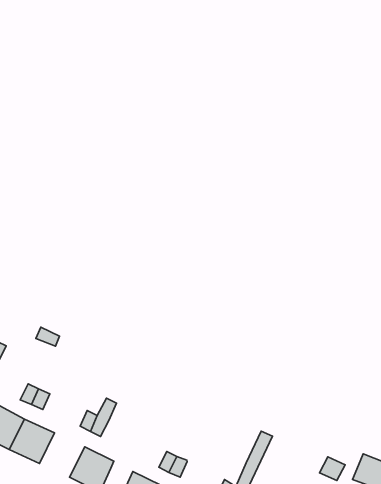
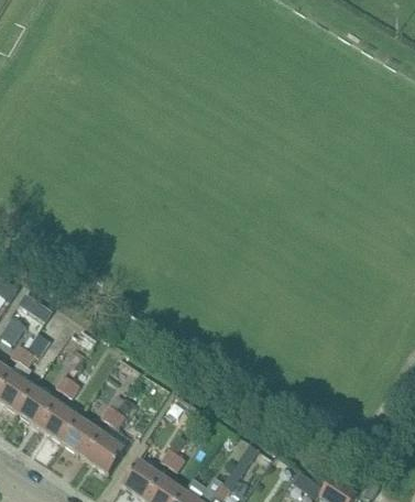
building: none -> [63,417,102,456]

